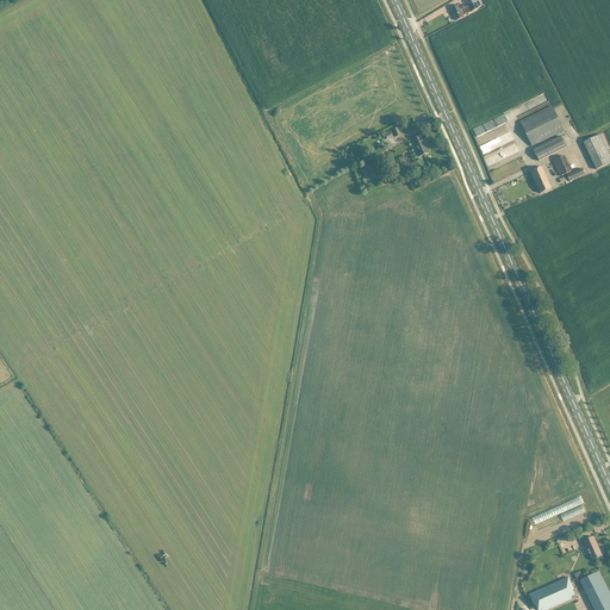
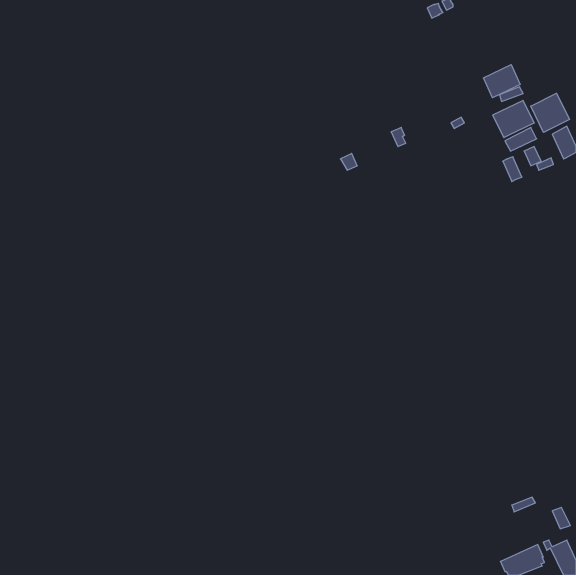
building: none -> [483,65,520,98]
building: none -> [531,93,569,132]

